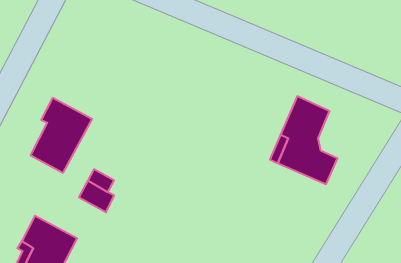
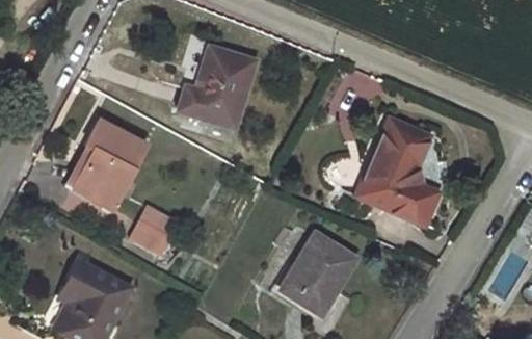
building: none -> [179,47,254,127]
building: none -> [281,233,354,310]

